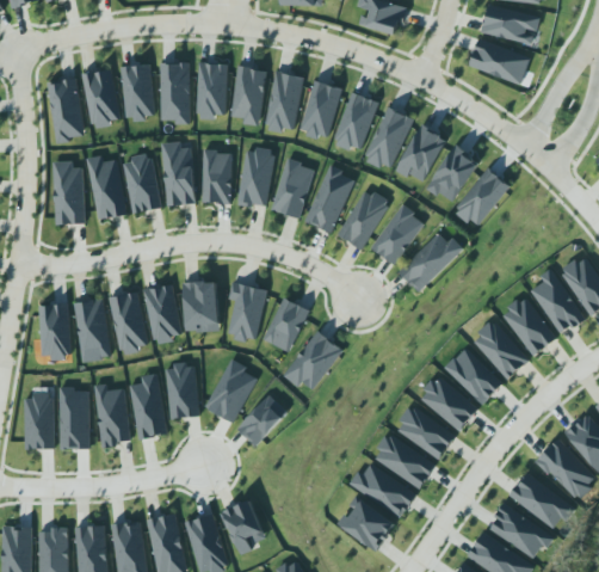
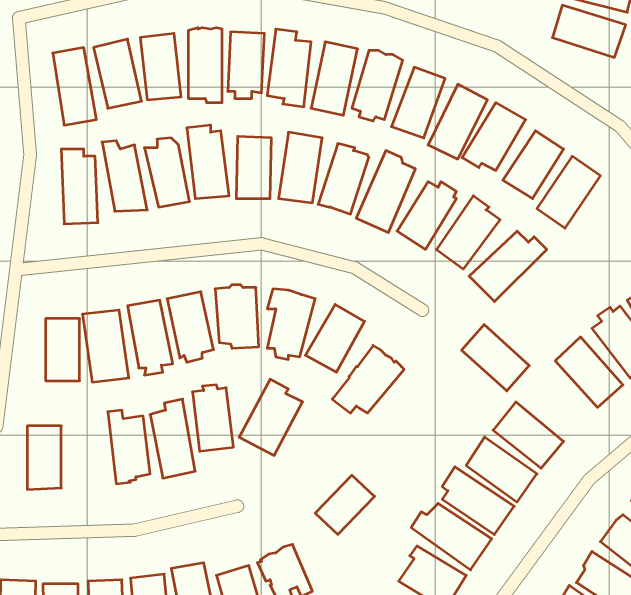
building: [445,349,502,405] -> [462,325,529,391]
building: [60,386,88,447] -> none
building: [237,394,288,444] -> [315,475,375,534]

